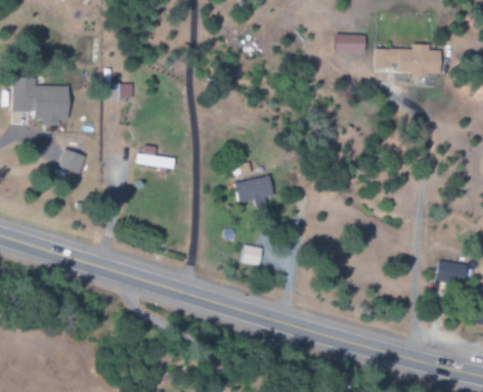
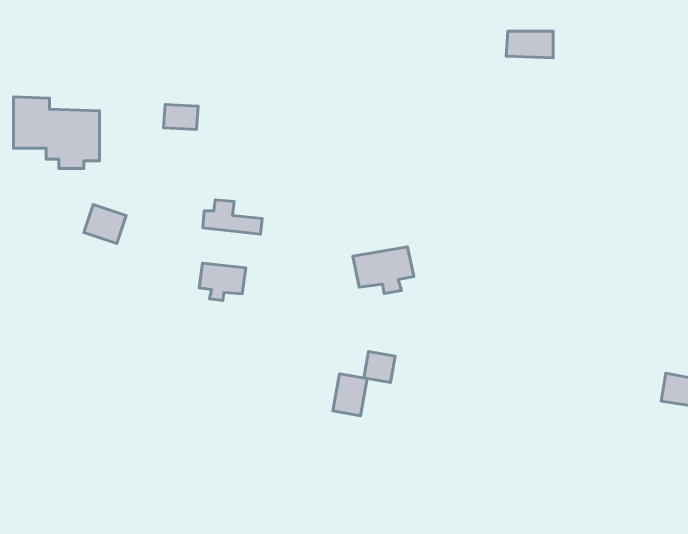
building: [375,44,441,78] -> none
building: none -> [199,263,246,300]
building: none -> [333,374,367,416]

